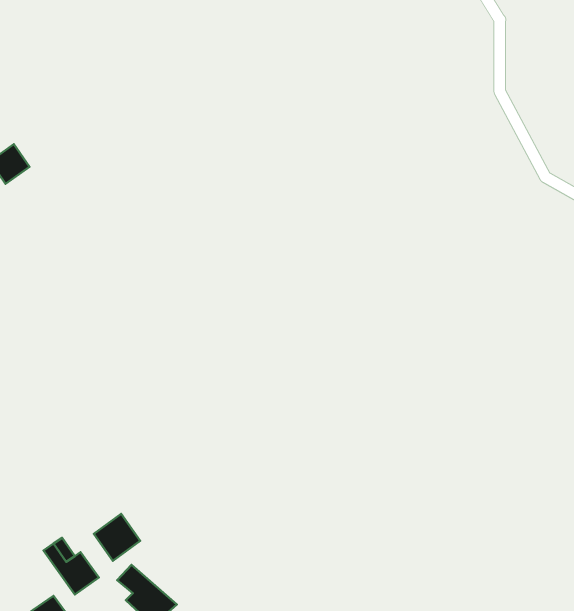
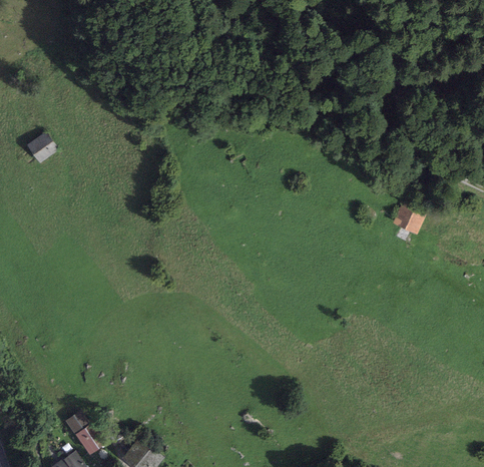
building: none -> [393,205,424,232]
building: [94,514,140,561] -> none

